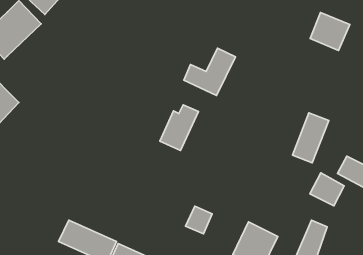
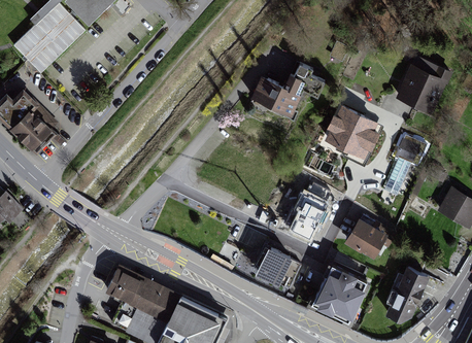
building: [310,12,350,50] -> [399,65,446,110]
building: none -> [327,110,384,157]
building: [160,105,199,151] -> [284,185,331,240]
building: [310,173,344,206] -> [345,218,386,258]

